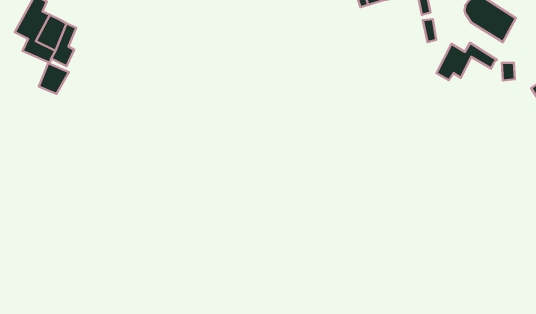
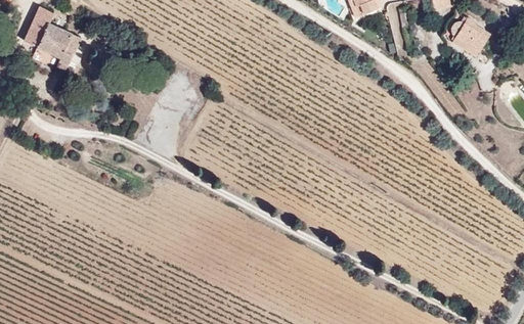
building: [436,43,497,80] -> none
building: [39,63,69,94] -> none

